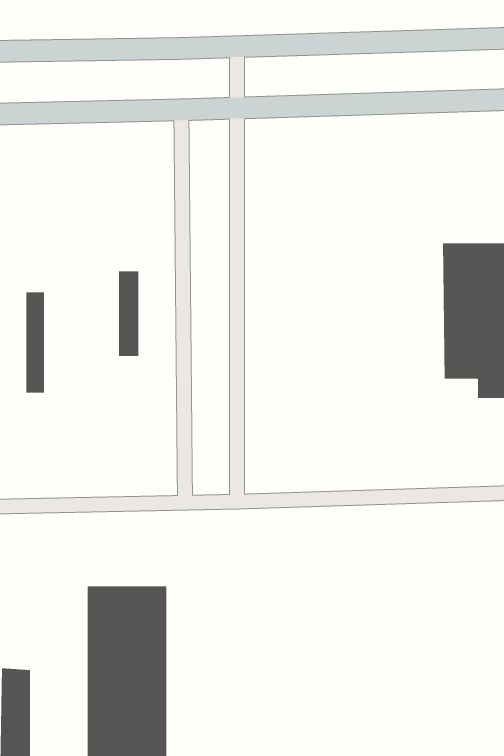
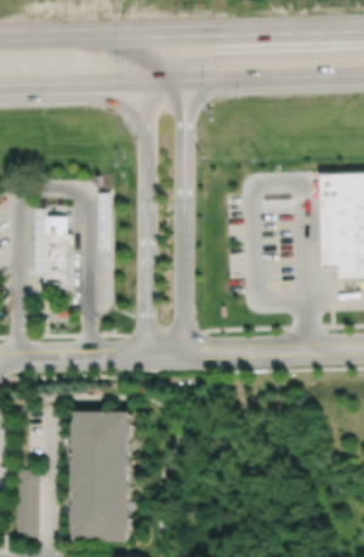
building: none -> [42,216,70,284]

